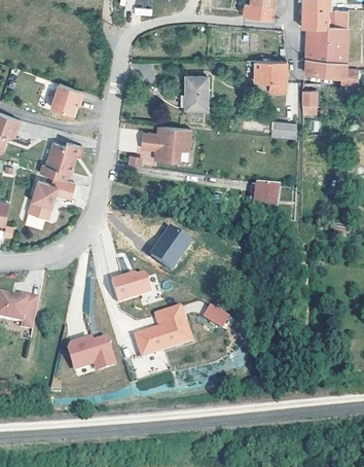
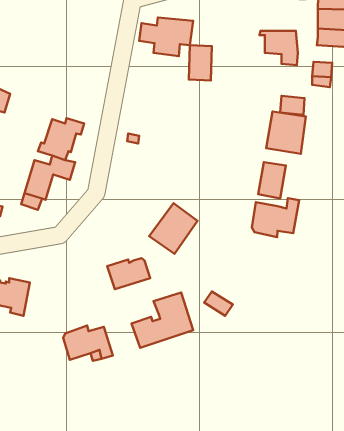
building: [57,83,88,115] -> none
building: [142,125,192,161] -> [139,18,193,56]
building: none -> [266,111,306,154]
building: none -> [252,198,299,237]

